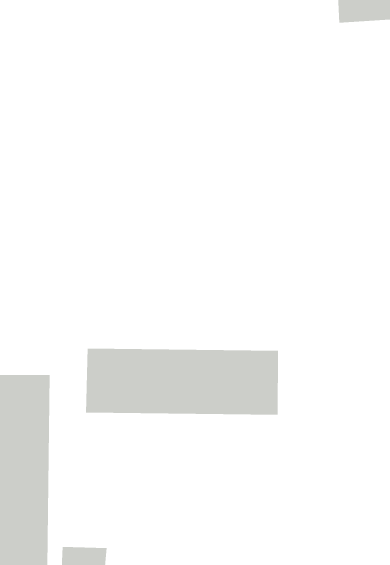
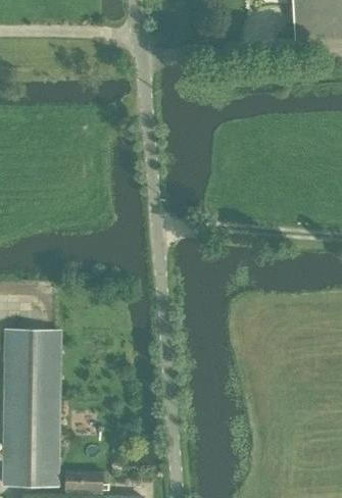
building: [86,348,279,416] -> none

